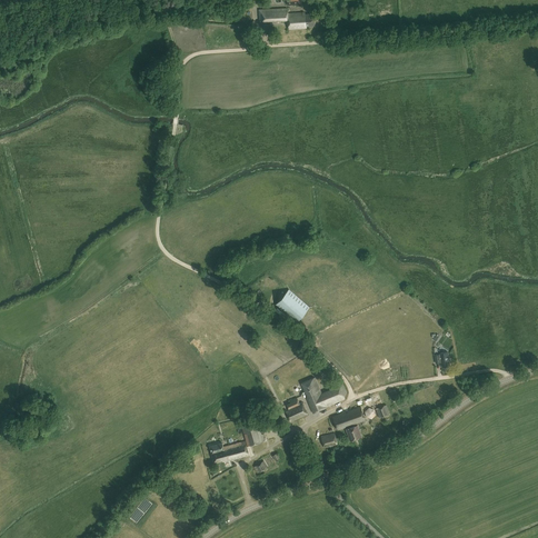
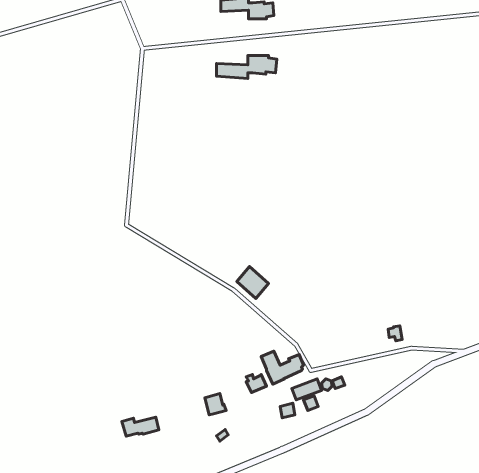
building: none -> [216,56,277,79]
building: [209,440,248,460] -> [122,417,159,436]

